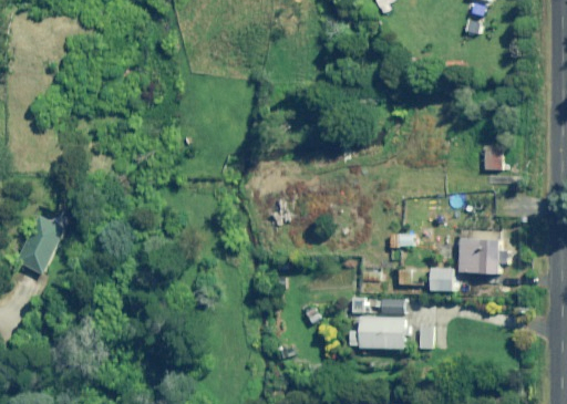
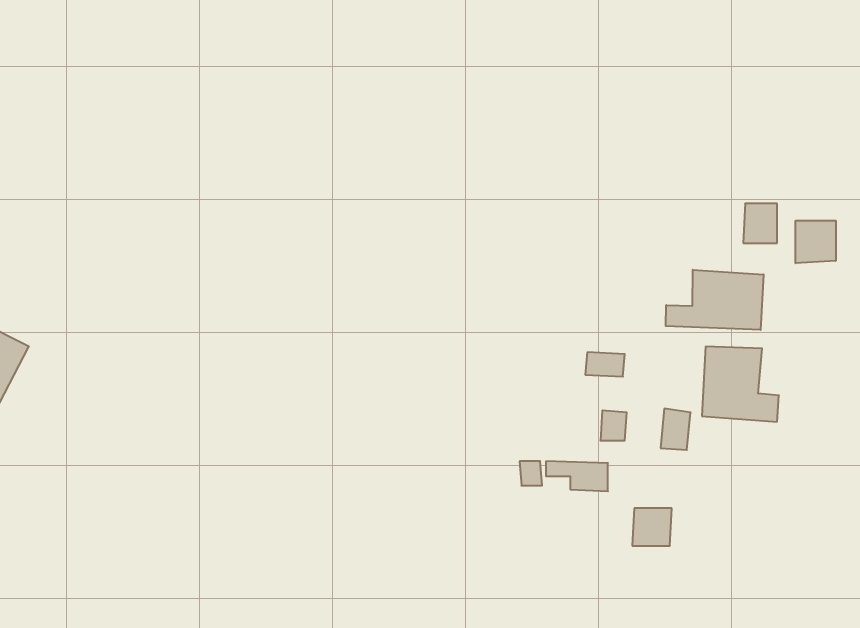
building: none -> [796,221,836,263]
building: none -> [666,270,764,330]
building: [351,317,408,349] -> none

